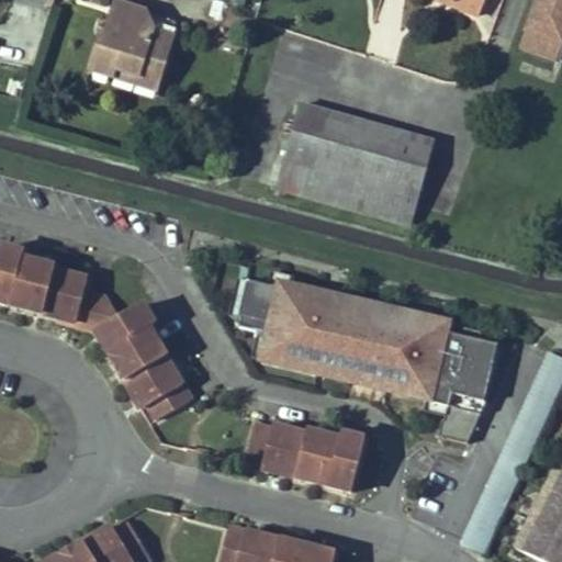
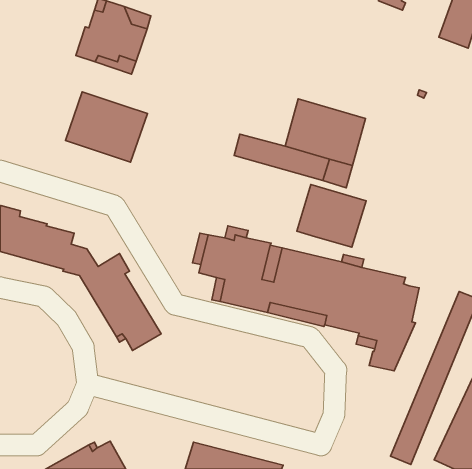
building: [285,103,355,173] -> none
building: none -> [66,92,147,162]
building: none -> [297,185,366,247]
building: [246,423,367,490] -> none

